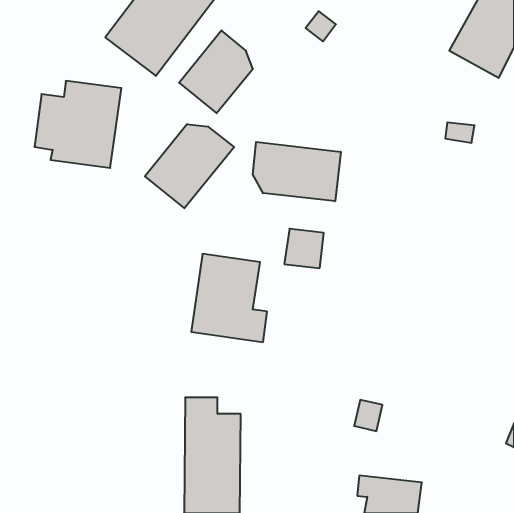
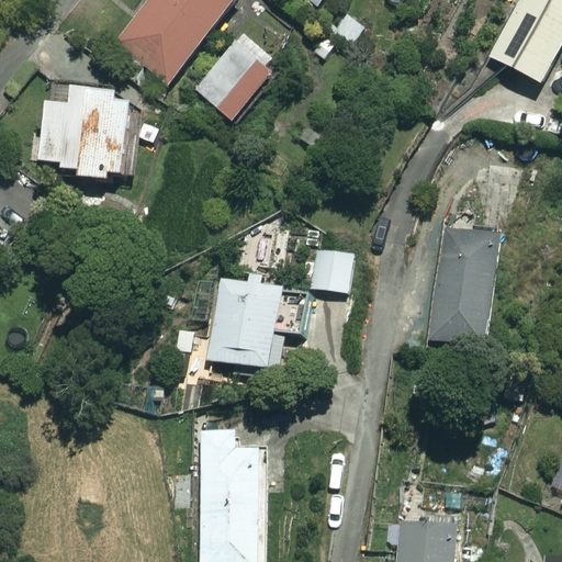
building: [145,124,234,208] -> none
building: [253,142,341,201] -> none
building: none -> [427,235,498,346]

